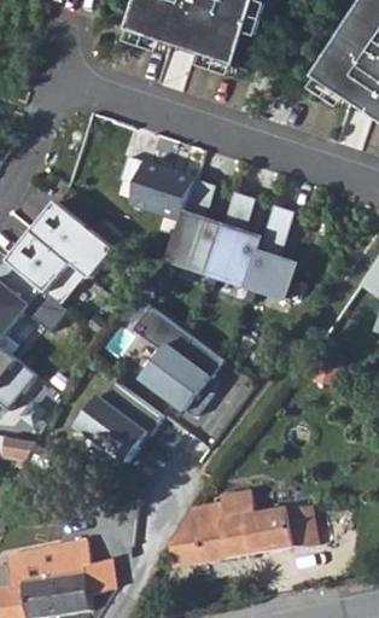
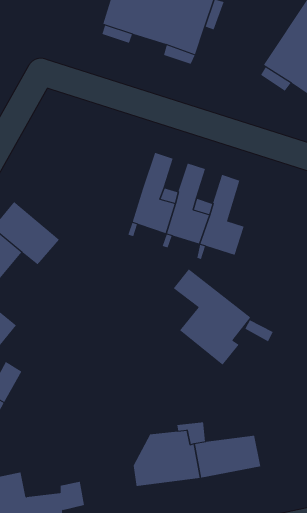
building: [115,154,191,220] -> none
building: [28,206,110,284] -> none
building: [130,298,221,410] -> [173,268,251,366]
building: [74,373,161,455] -> none
building: [36,537,87,576] -> none

